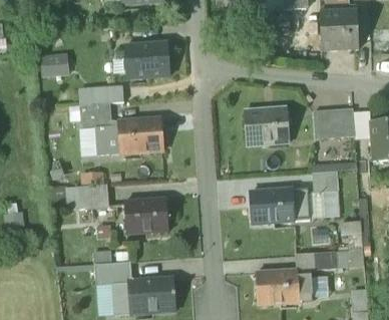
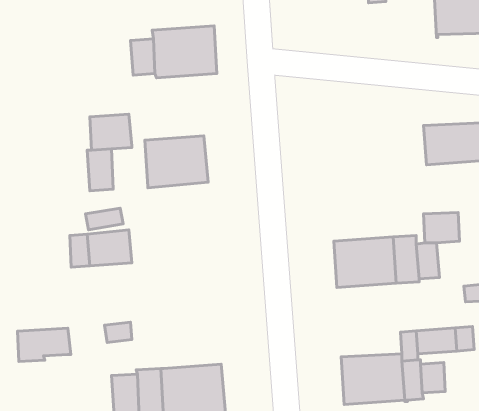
building: [40,48,68,75] -> none
building: [90,85,124,104] -> none
building: [245,108,289,144] -> none
building: [96,121,121,155] -> none
building: [124,198,169,234] -> none
building: [95,262,132,285] -> [17,328,71,362]

